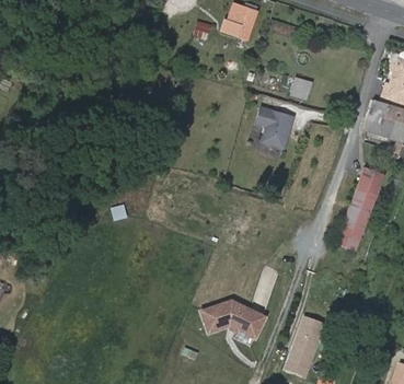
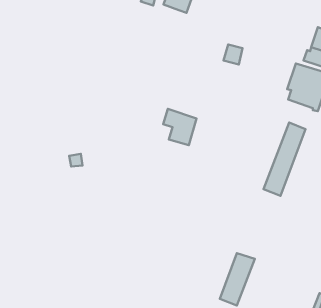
building: [255,106,293,148] -> [163,109,196,145]
building: [201,302,264,338] -> none

